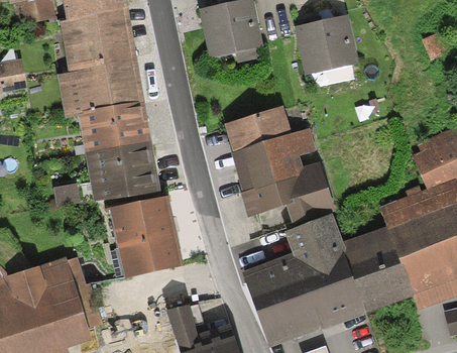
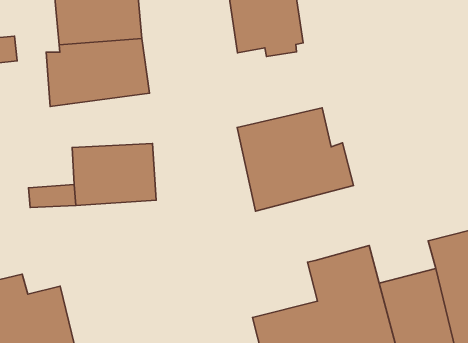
building: [296,14,360,75] -> none
building: [77,100,149,150] -> none
building: [239,161,335,226] -> none
building: [109,198,179,277] -> none

